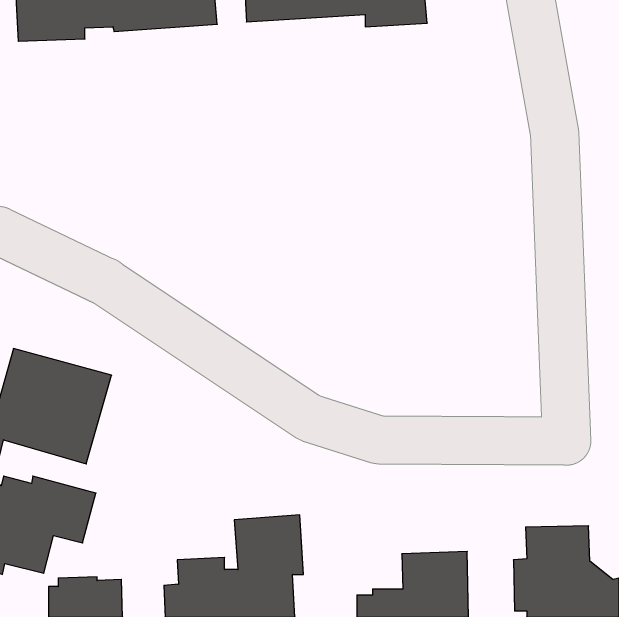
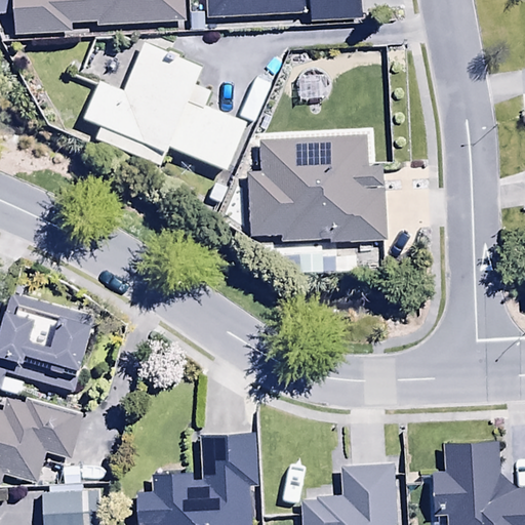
building: none -> [82,43,246,171]
building: none -> [247,135,383,244]

